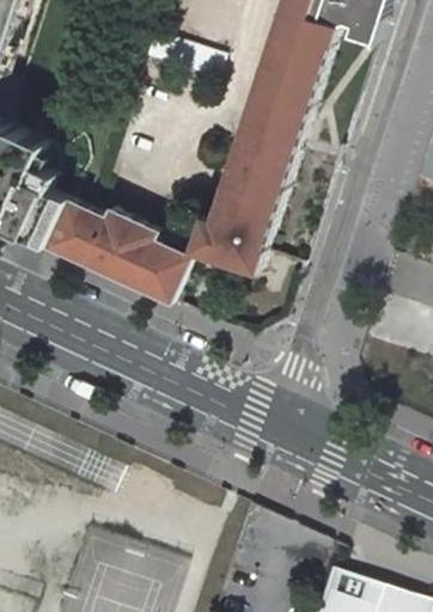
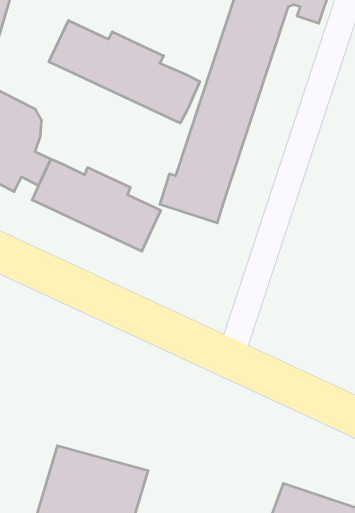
building: none -> [49,20,200,123]

